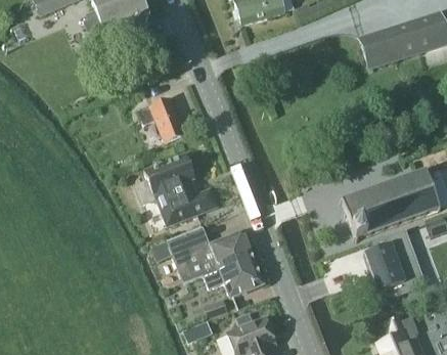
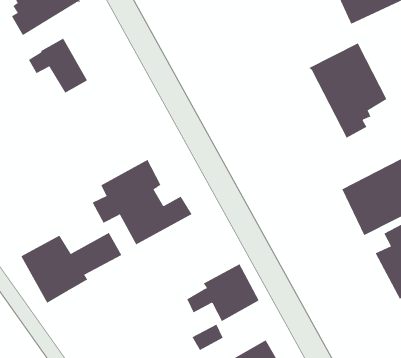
building: none -> [308,42,387,138]
building: [139,96,186,142] -> [28,38,88,93]
building: [168,227,252,282] -> [21,232,122,304]

